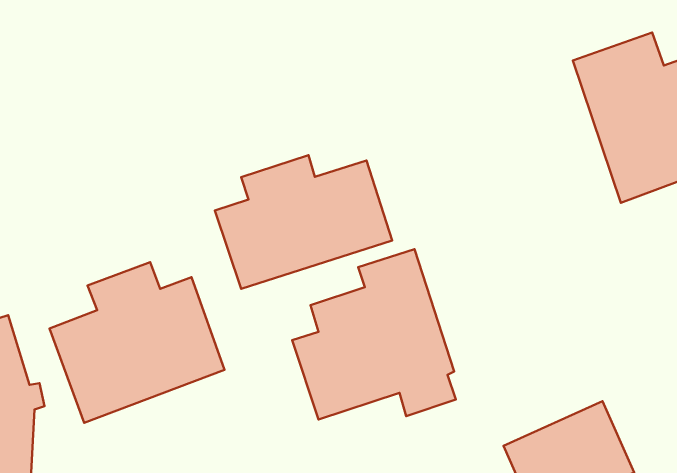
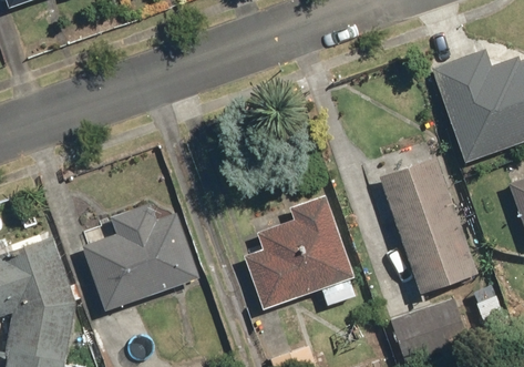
building: [215,155,392,289] -> none
building: none -> [357,151,479,294]

